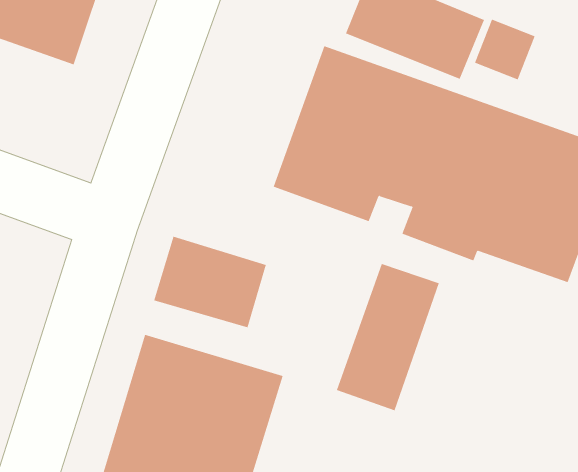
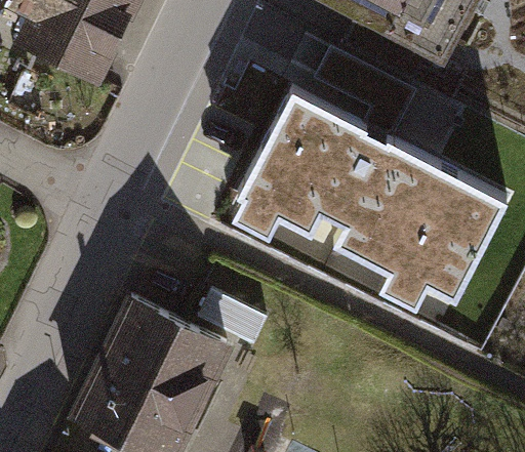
building: [154,236,267,328] -> none
building: [336,263,440,411] -> none

